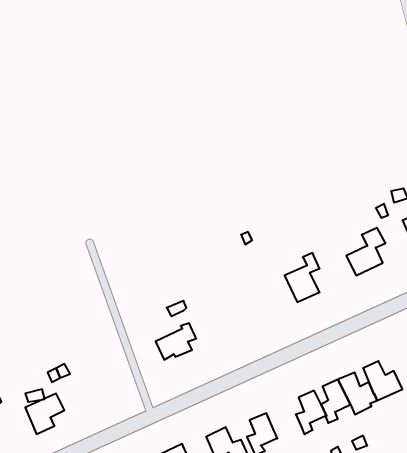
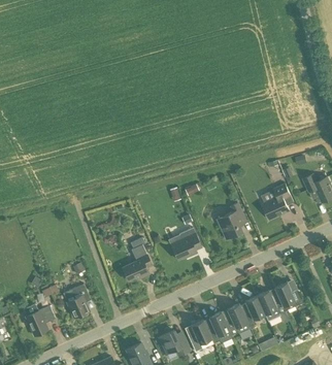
building: none -> [168,227,201,260]
building: none -> [63,284,90,318]
building: none -> [207,311,229,343]

